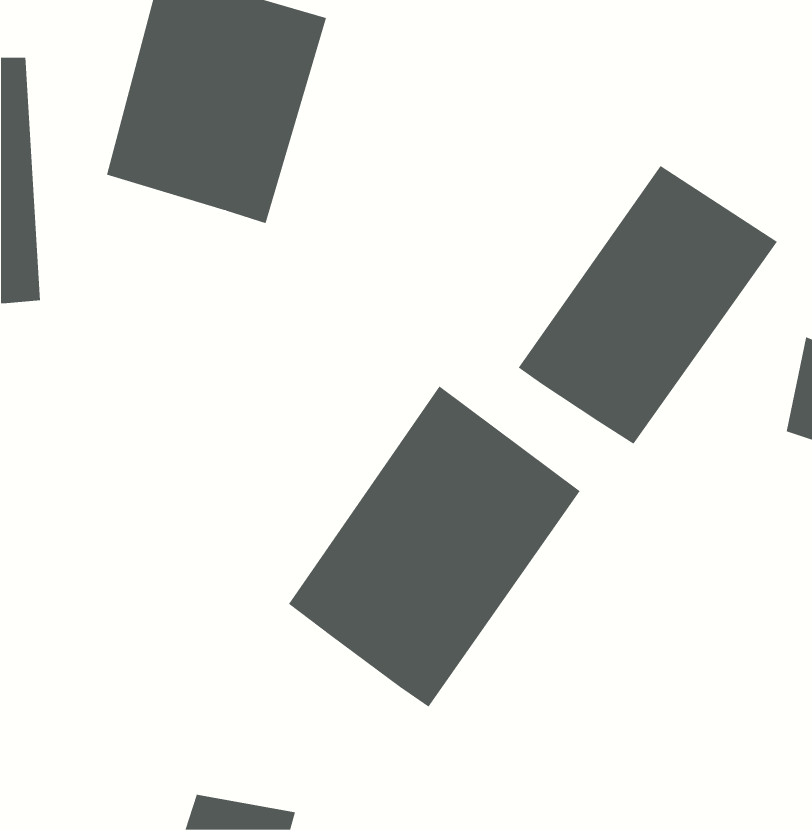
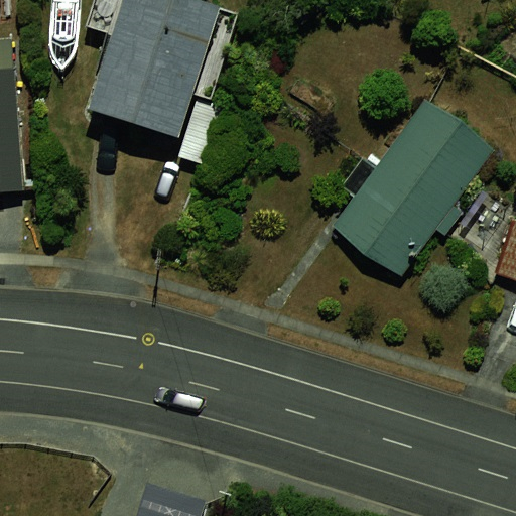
building: [288,386,581,708] -> none

